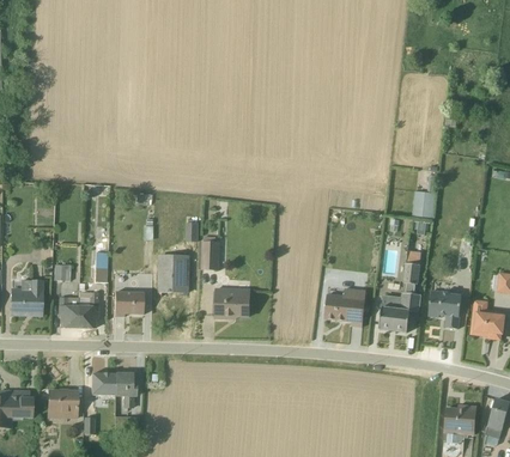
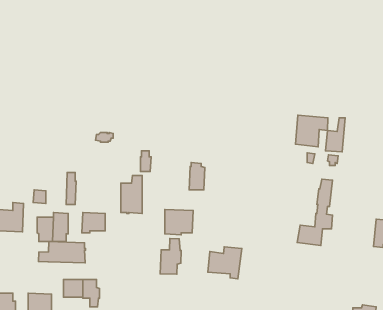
building: none -> [295,115,328,147]
building: [201,236,220,269] -> [189,162,205,190]
building: [324,287,366,327] -> [208,247,242,279]
building: [429,290,461,328] -> none
building: none -> [160,239,181,274]
building: none -> [39,242,86,263]

